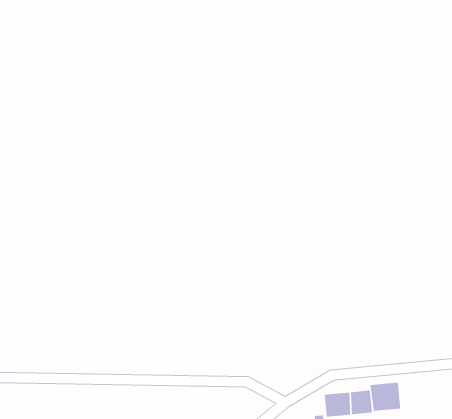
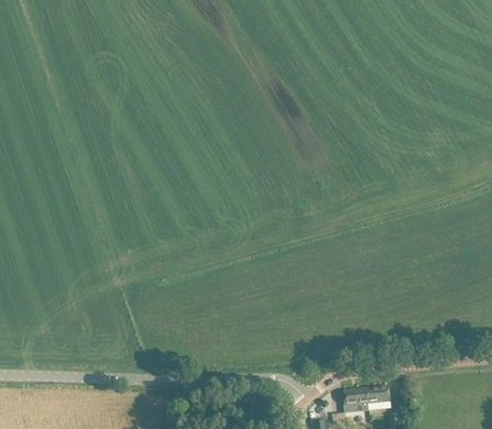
building: [370,382,401,412] -> none

